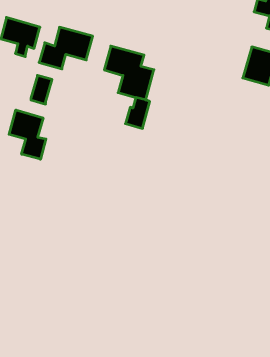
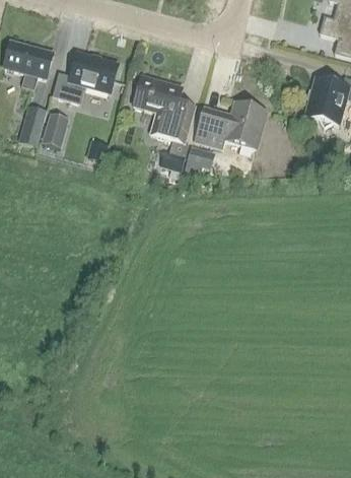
building: none -> [194,101,266,148]
building: none -> [21,105,47,135]
building: none -> [184,145,214,174]
building: [9,110,46,159] -> none

